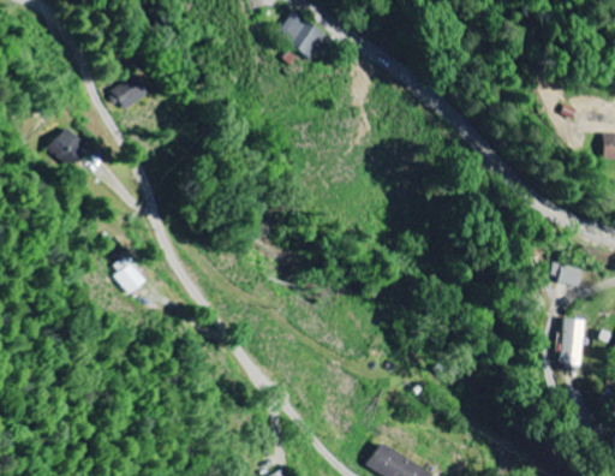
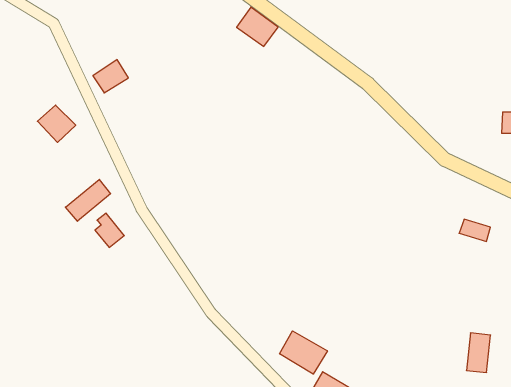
building: none -> [65,179,111,221]
building: [554,320,583,367] -> [466,333,491,372]
building: none -> [280,331,327,374]

